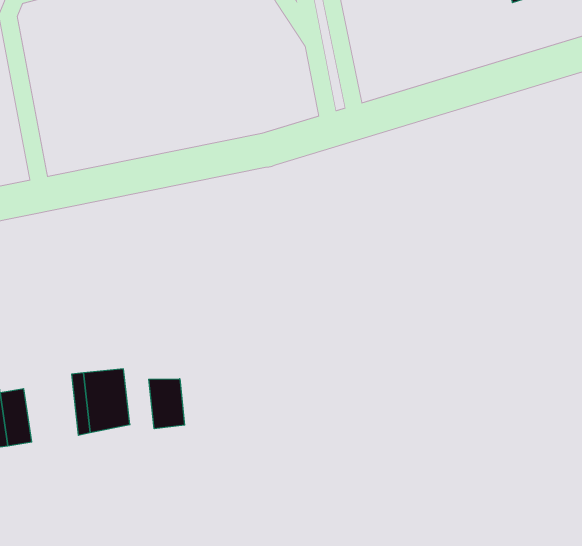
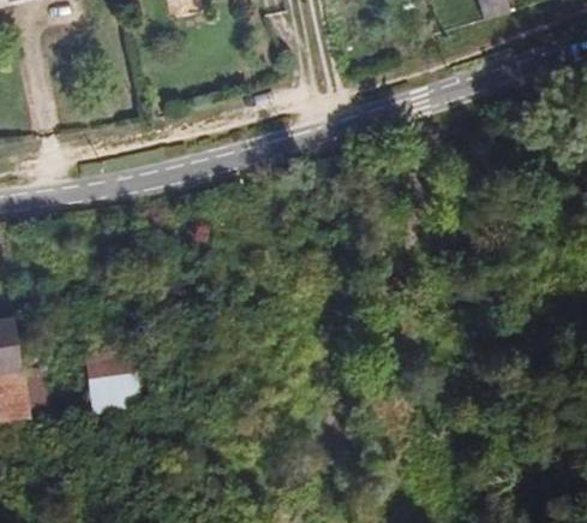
building: [149,379,185,429] -> none

